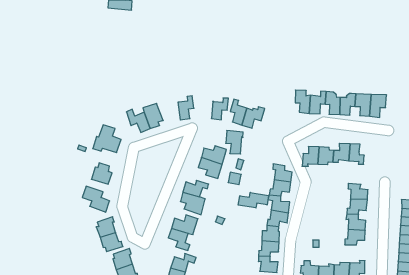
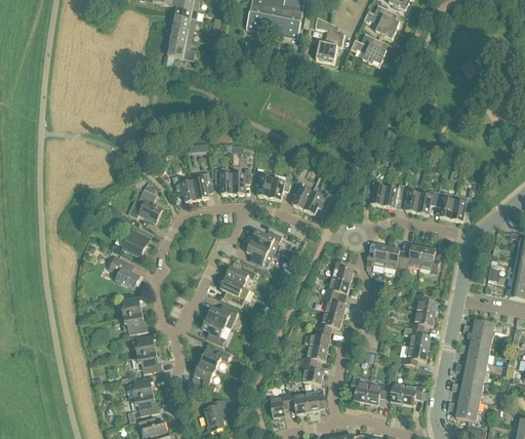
building: none -> [215,167,234,194]
building: [226,131,243,154] -> [253,168,275,197]
building: [238,192,269,208] -> none

